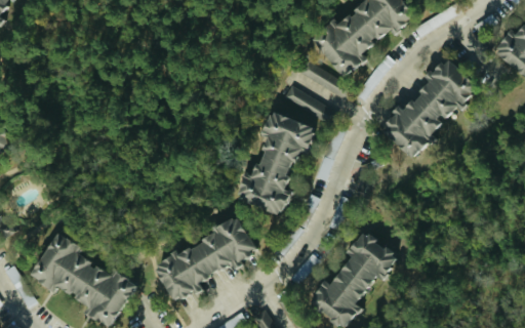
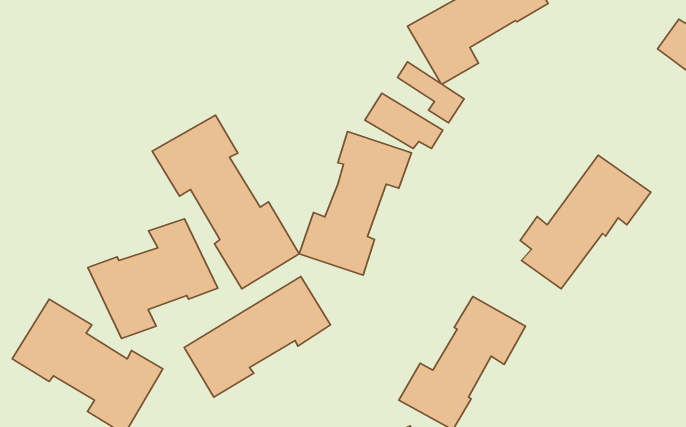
building: [385,59,479,156] -> [520,155,651,289]
building: none -> [152,115,299,289]
building: none -> [88,219,218,339]

